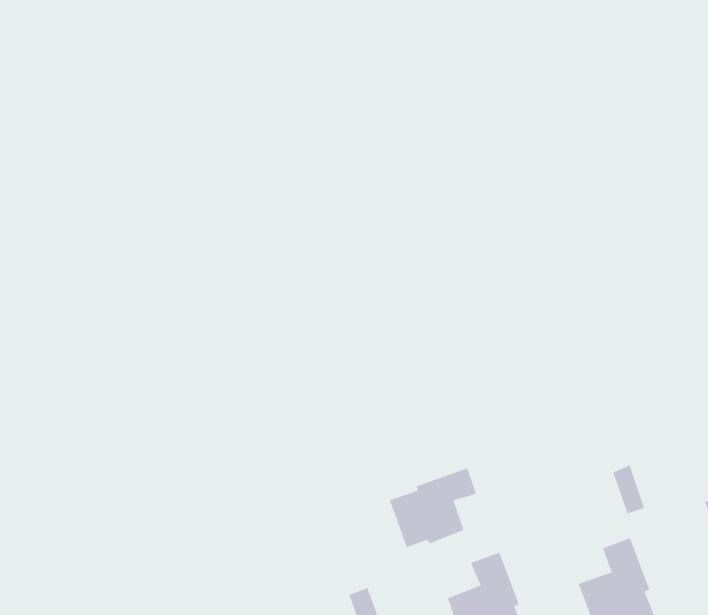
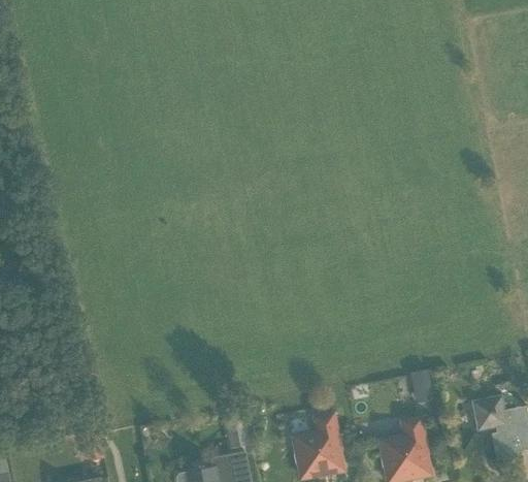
building: [389,468,477,548] -> none

